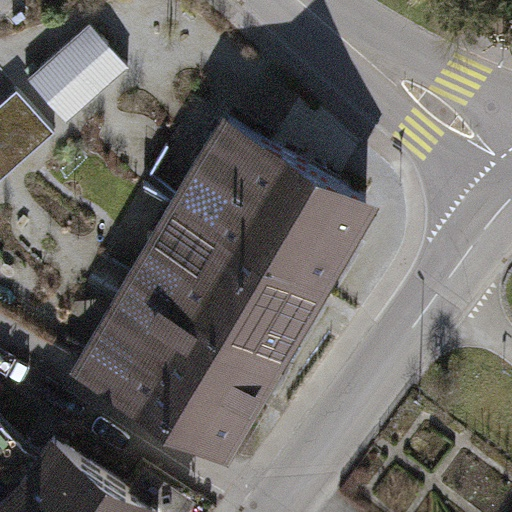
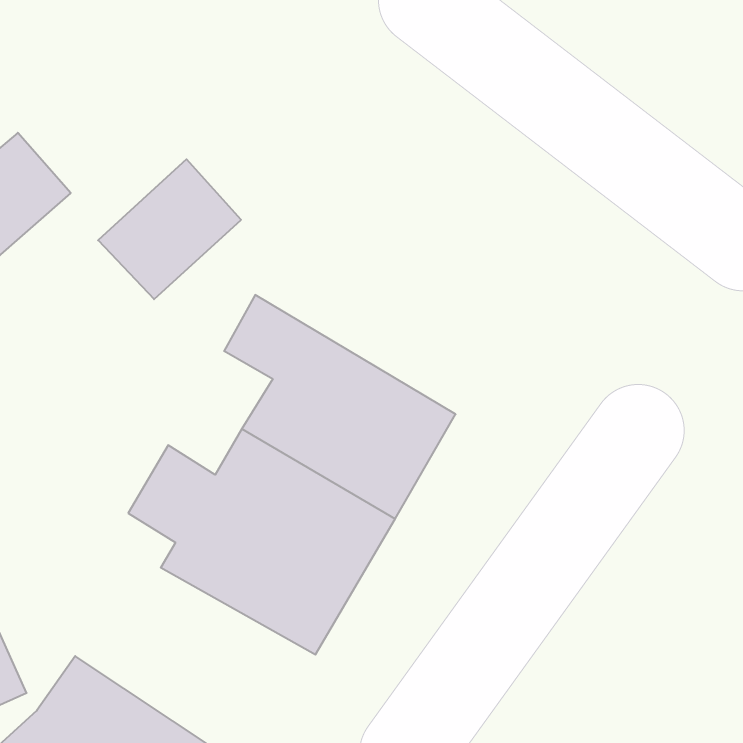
building: [23,34,120,129] -> [98,159,241,299]
building: [173,120,361,288] -> none

